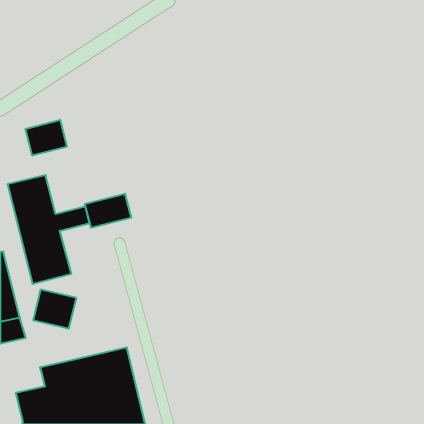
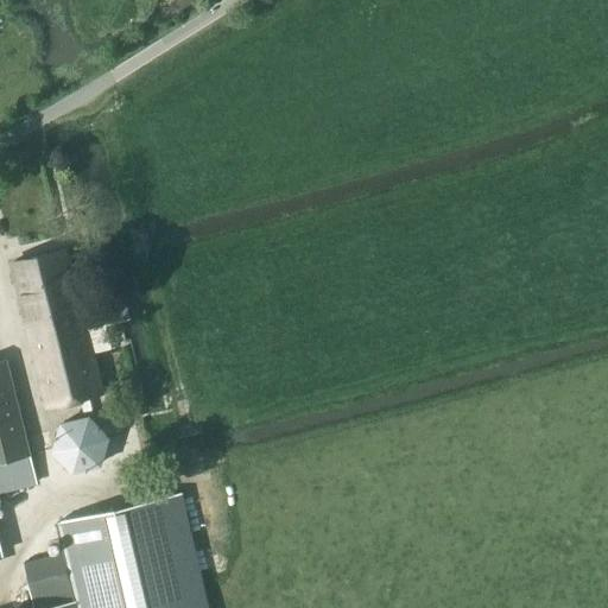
building: [26,120,67,156] -> none
building: [85,194,131,228] -> none

